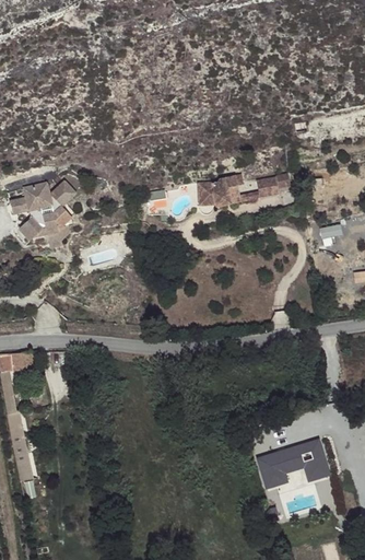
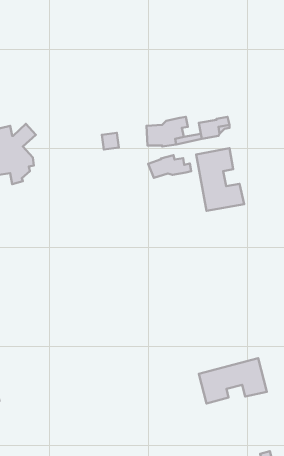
building: none -> [196,148,244,211]
building: none -> [148,155,191,178]

